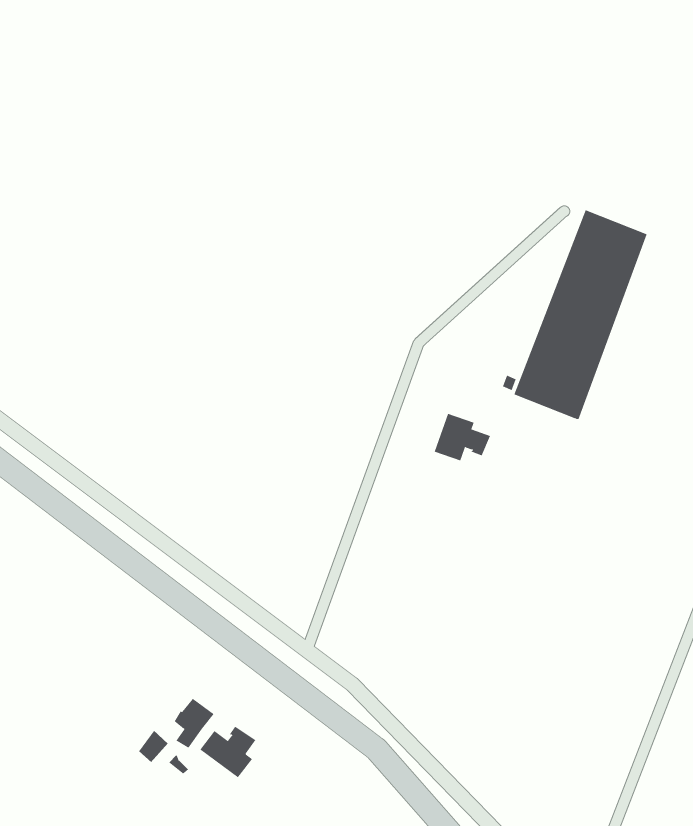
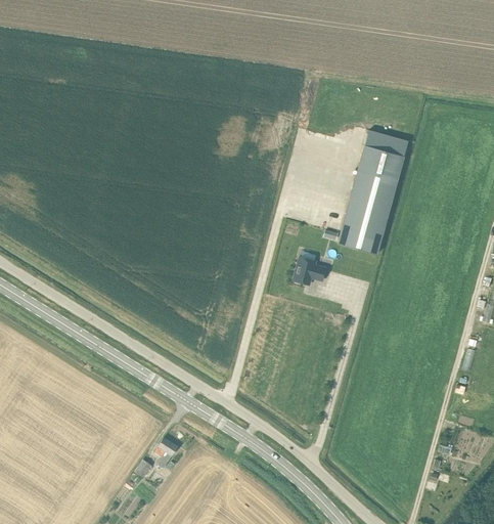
building: [200,726,256,778] -> none

